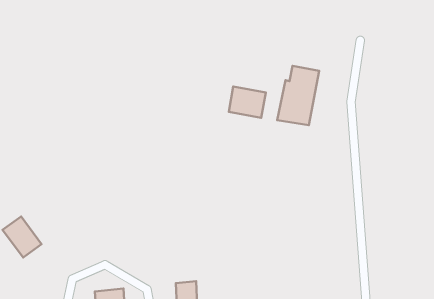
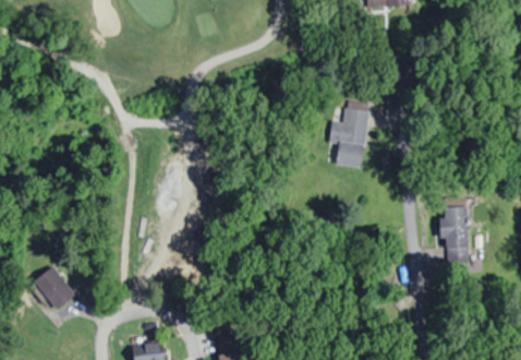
building: [229,86,266,118] -> none
building: none -> [441,206,471,260]

